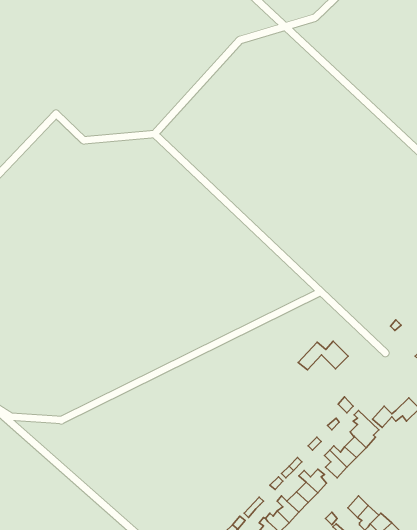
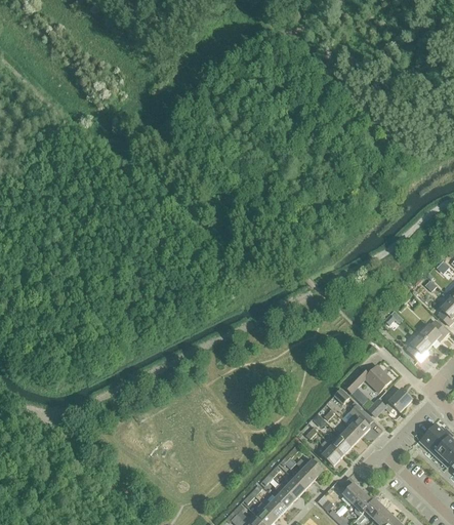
building: [298,341,348,370] -> [342,365,390,393]

